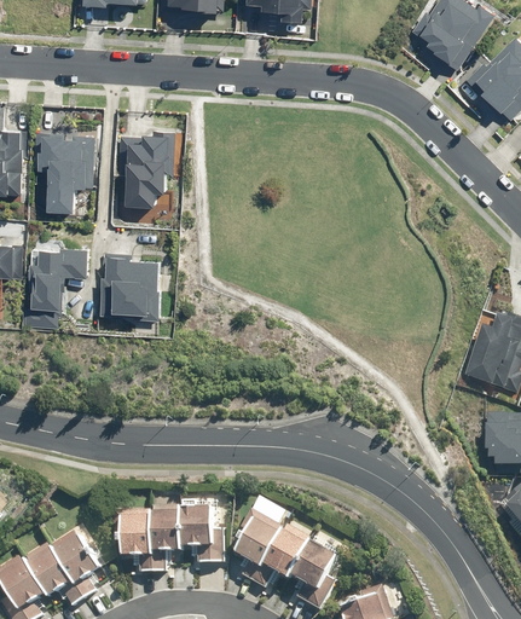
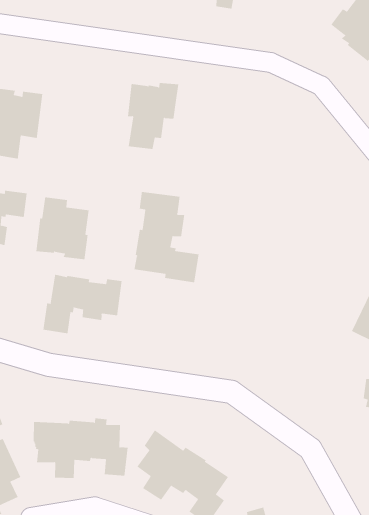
building: [120,132,175,208] -> [127,83,179,150]
building: none -> [134,191,199,283]
building: none -> [43,274,122,334]

